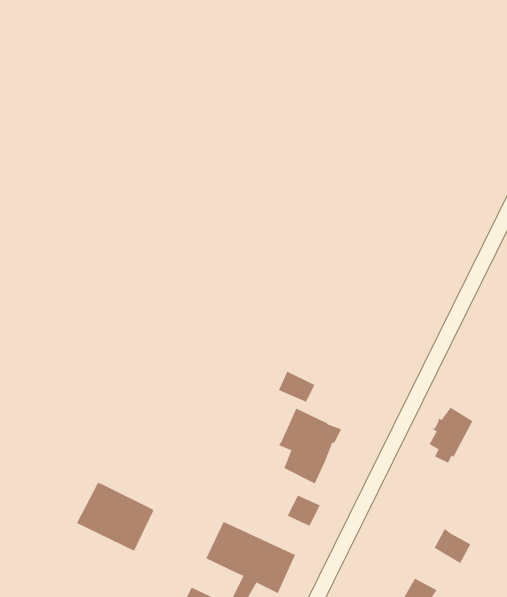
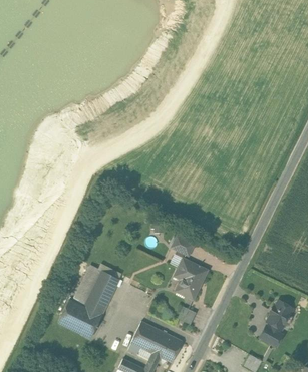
building: [429,407,473,464] -> [268,300,293,332]
building: none -> [73,264,119,314]

